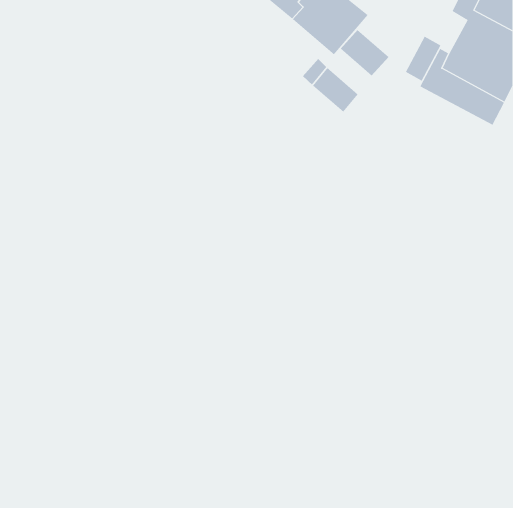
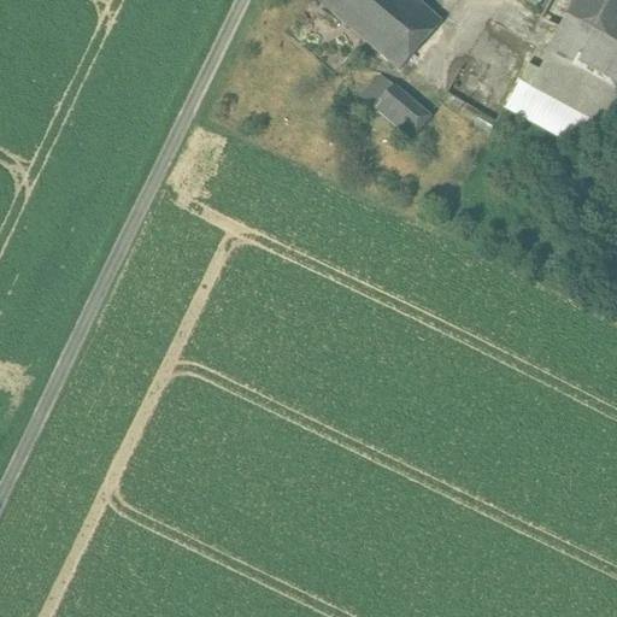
building: [340,29,389,76] -> none
building: [405,36,441,82] -> none

